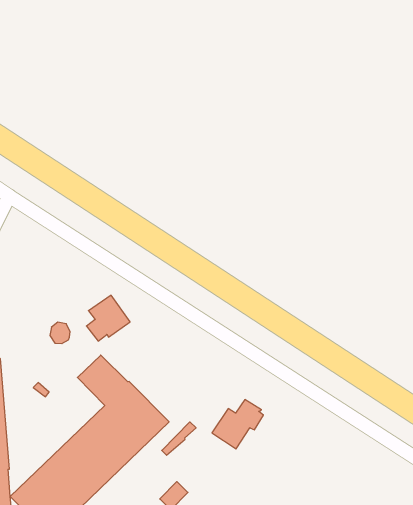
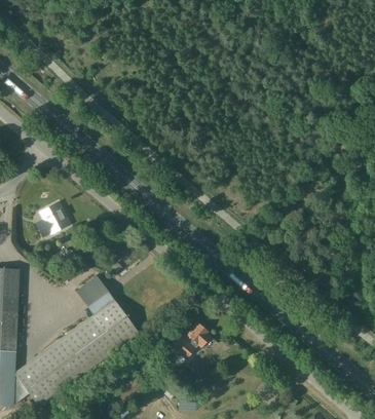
building: [86,295,130,341] -> [37,203,70,236]

